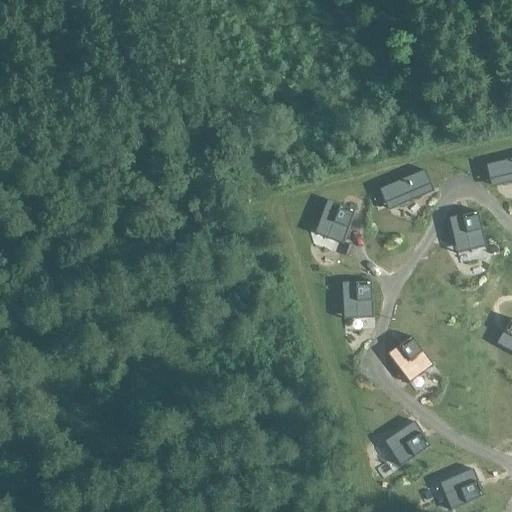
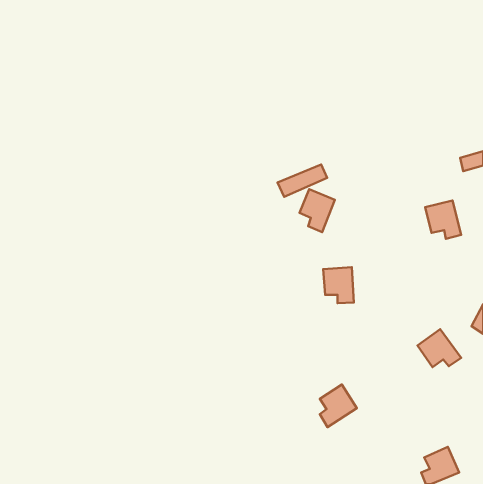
building: [377,169,429,203] -> [278,165,327,197]
building: [387,337,433,377] -> [417,329,461,367]
building: [390,422,429,467] -> [320,385,357,427]

